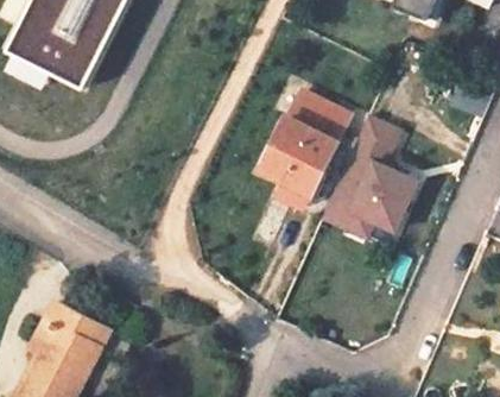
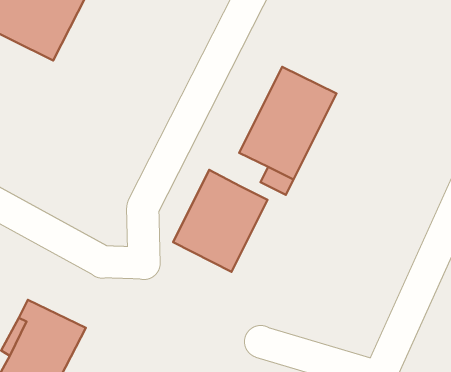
building: [327,115,419,240] -> none
building: none -> [173,170,268,272]

